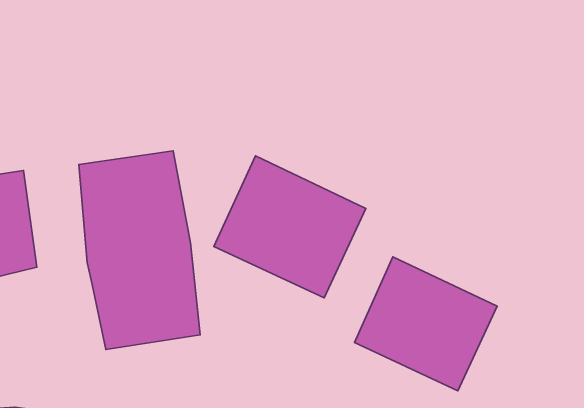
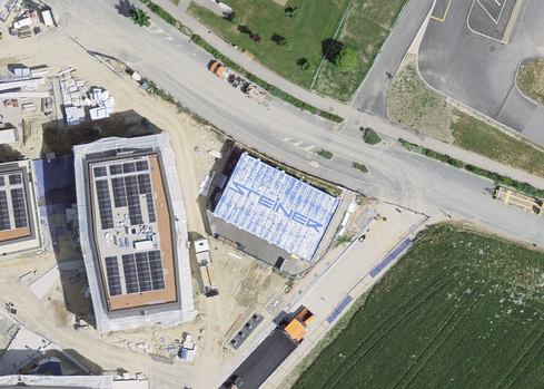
building: [354,257,497,391] -> none

